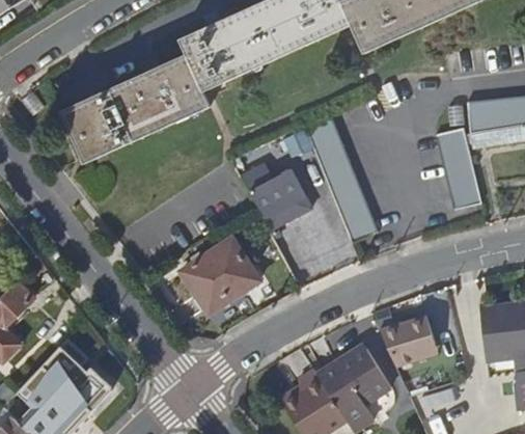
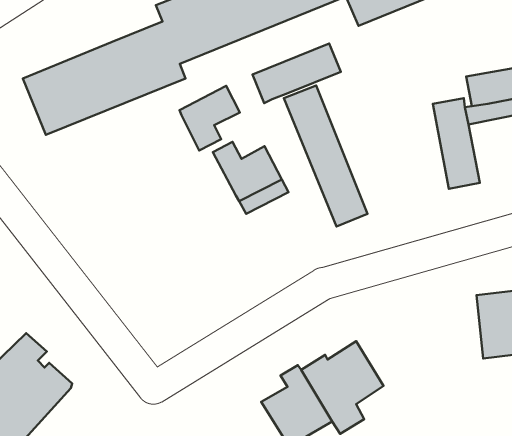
building: none -> [252,43,341,103]
building: none -> [179,86,240,150]
building: [179,236,258,311] -> none
building: [380,306,437,364] -> none

